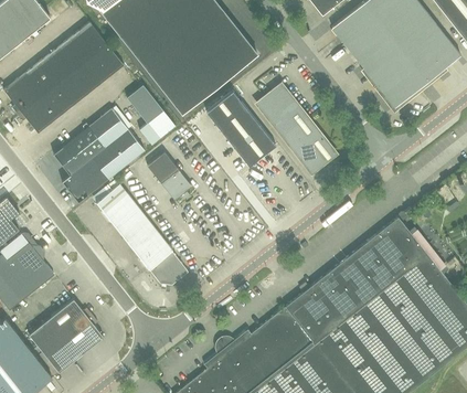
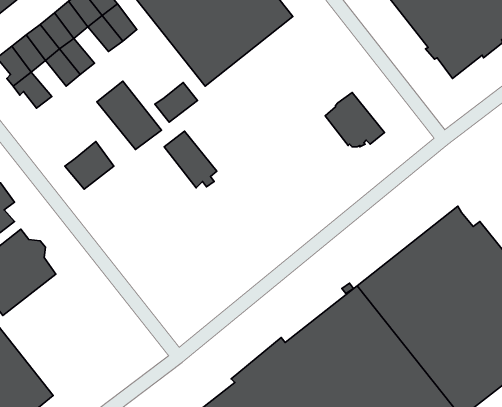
building: [70,63,99,94] -> none
building: [257,84,308,139] -> none
building: [127,85,163,124] -> none
building: [206,91,276,167] -> none
building: [33,92,63,123] -> none
building: [54,127,123,182] -> none
building: [94,177,188,284] -> none
building: [29,299,104,373] -> none

